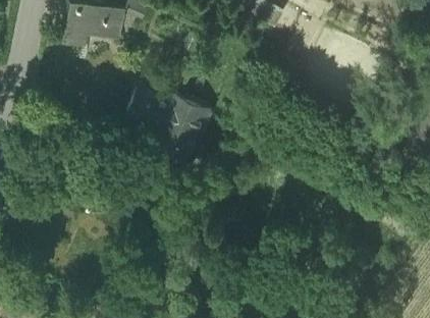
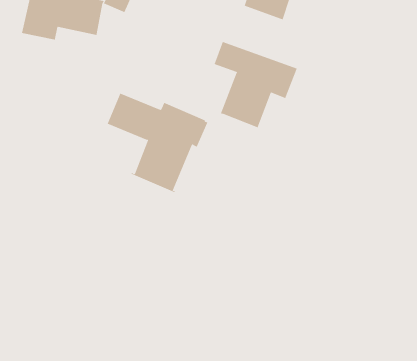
building: none -> [214,41,297,128]

